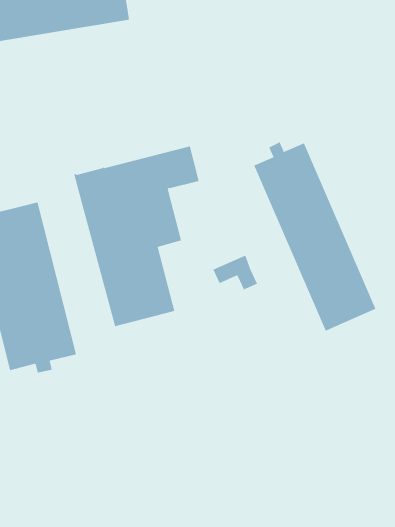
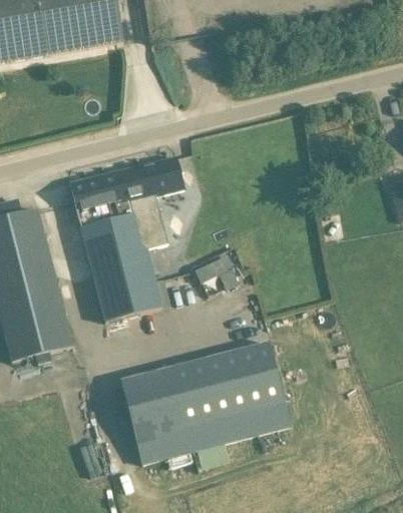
building: [253,142,376,332] -> none
building: none -> [121,341,292,465]

